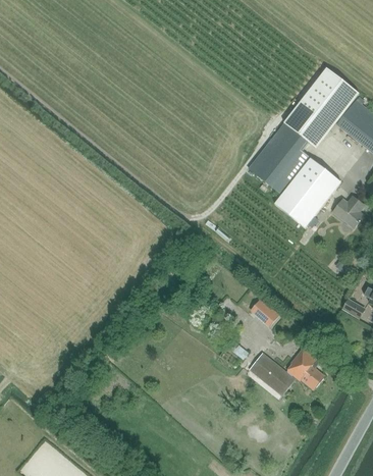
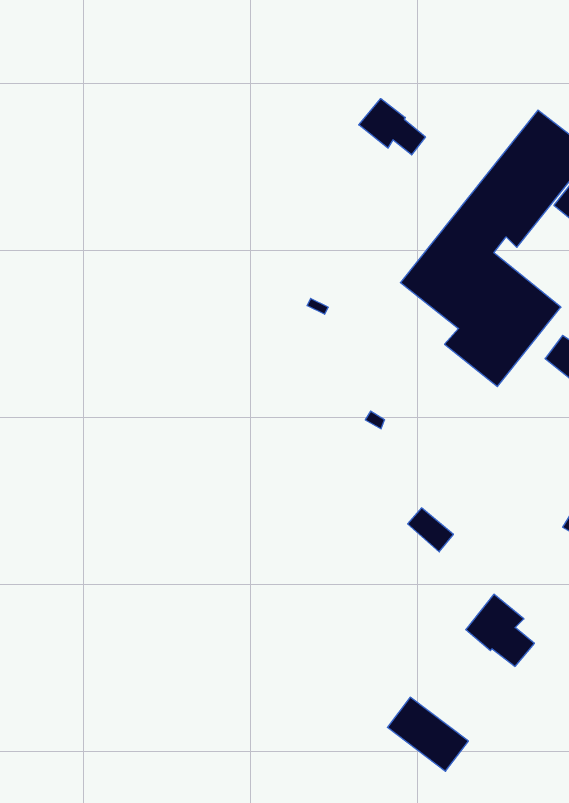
building: none -> [359,99,425,155]
building: [248,353,295,395] -> [387,697,468,771]

